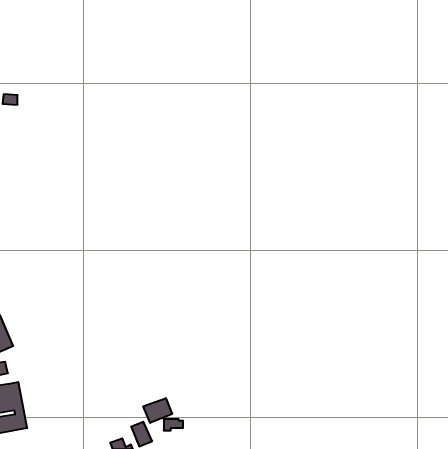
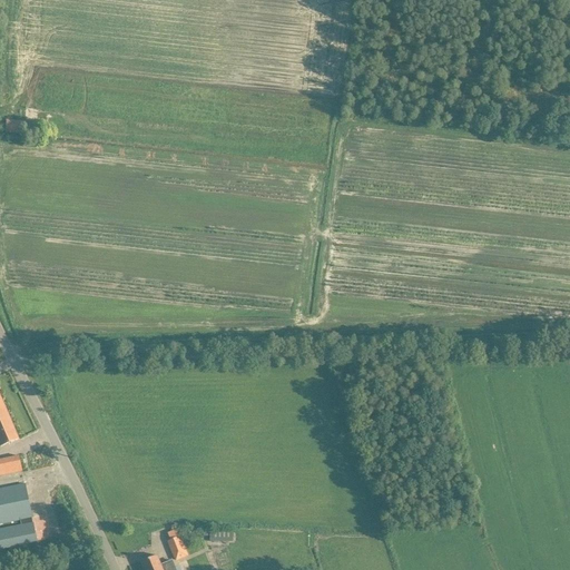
building: [143,398,172,423] -> none

